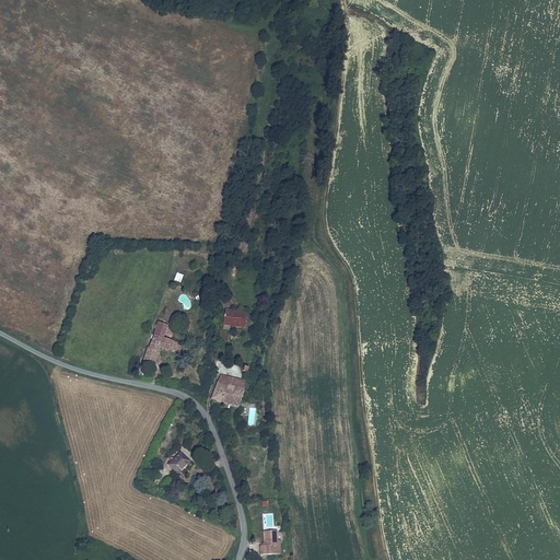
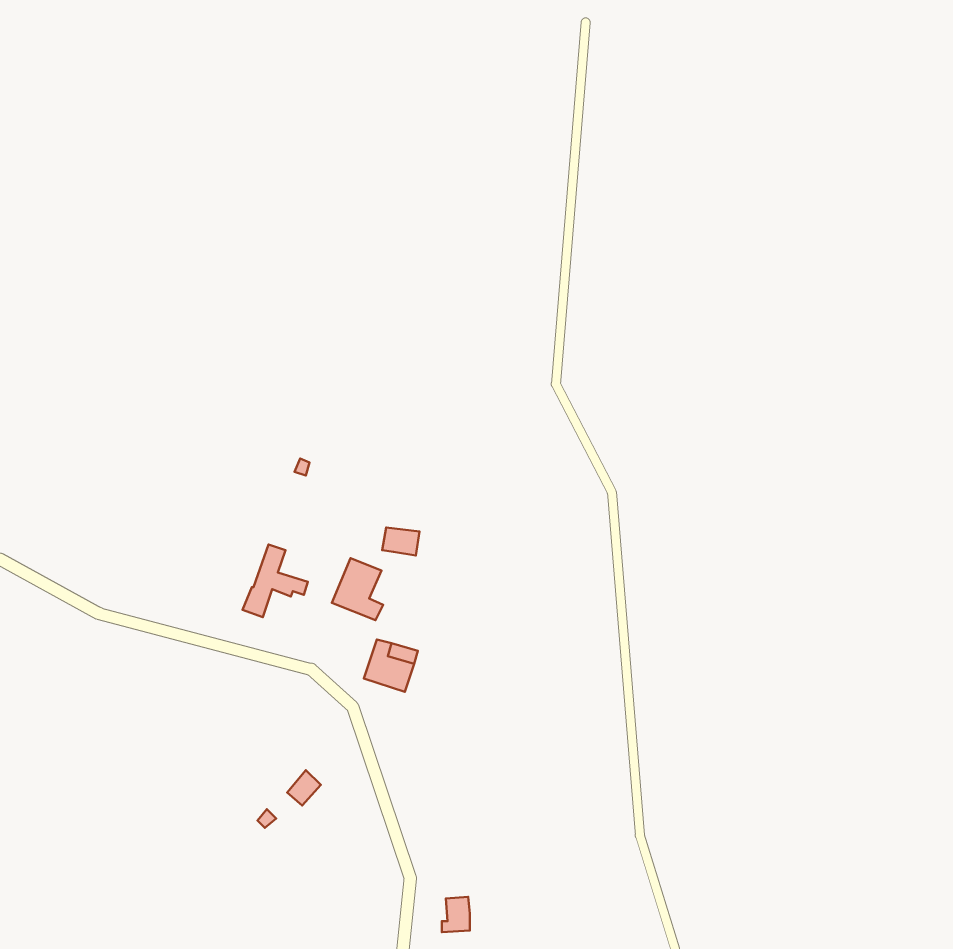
building: none -> [332,558,383,620]

